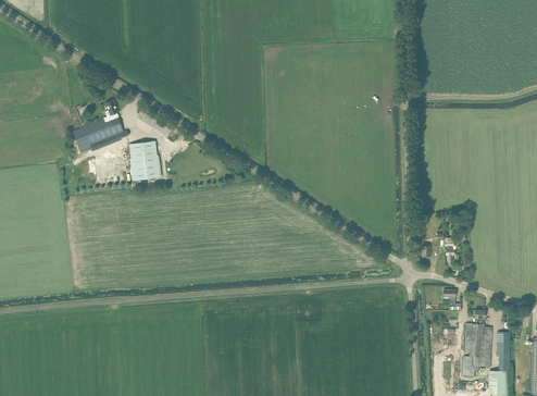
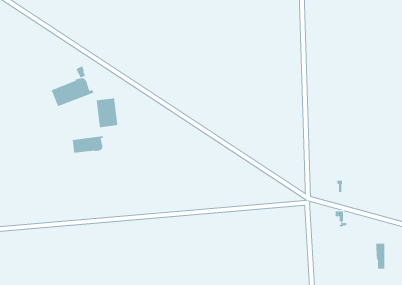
building: none -> [72,135,103,154]
building: [463,310,492,376] -> none

